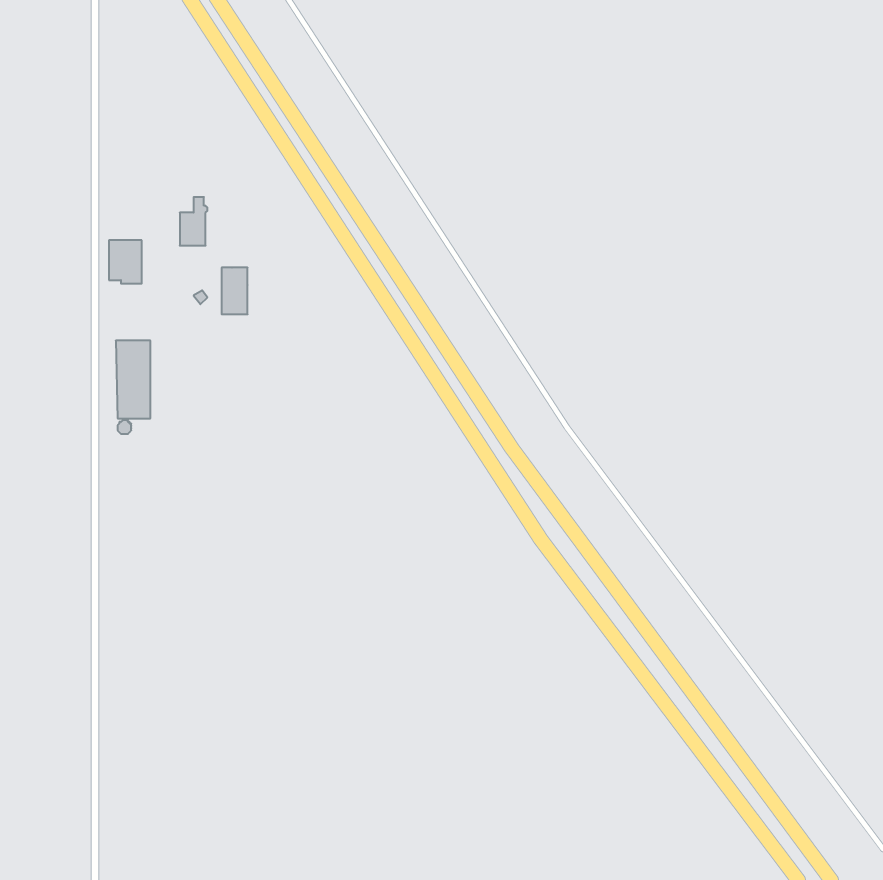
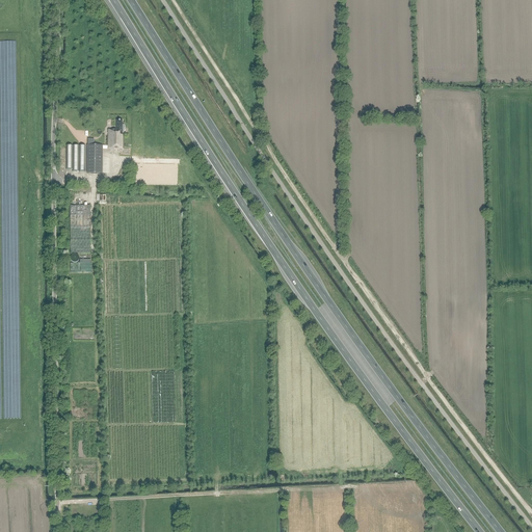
building: [222,268,248,314] -> [87,143,103,171]

